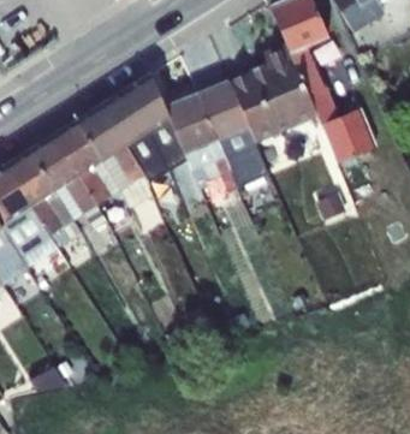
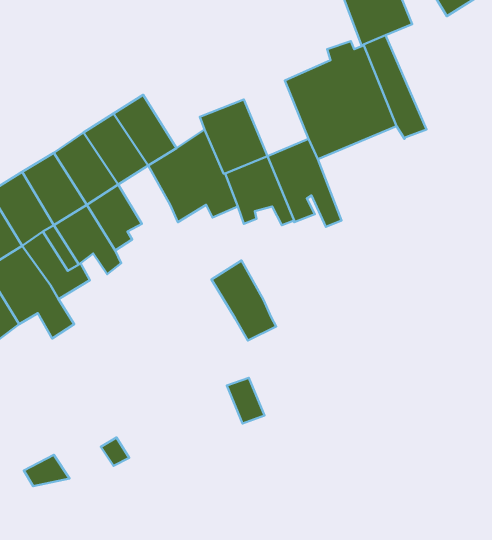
building: [121,75,168,132] -> none
building: [198,81,248,138] -> none
building: [322,109,373,161] -> none
building: [102,145,151,207] -> [212,260,276,341]

